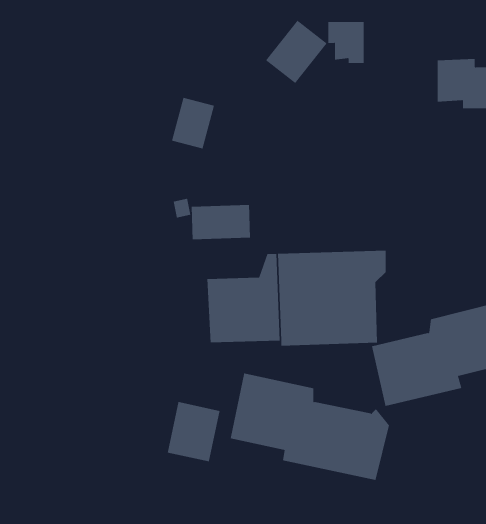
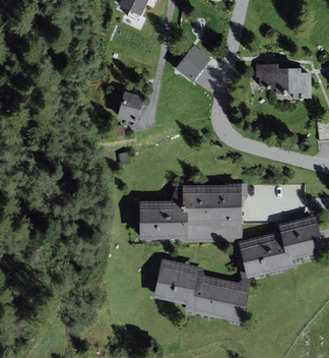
building: [328,22,365,64] -> [256,63,278,88]
building: [191,204,251,240] -> none
building: [167,401,220,462] -> none

